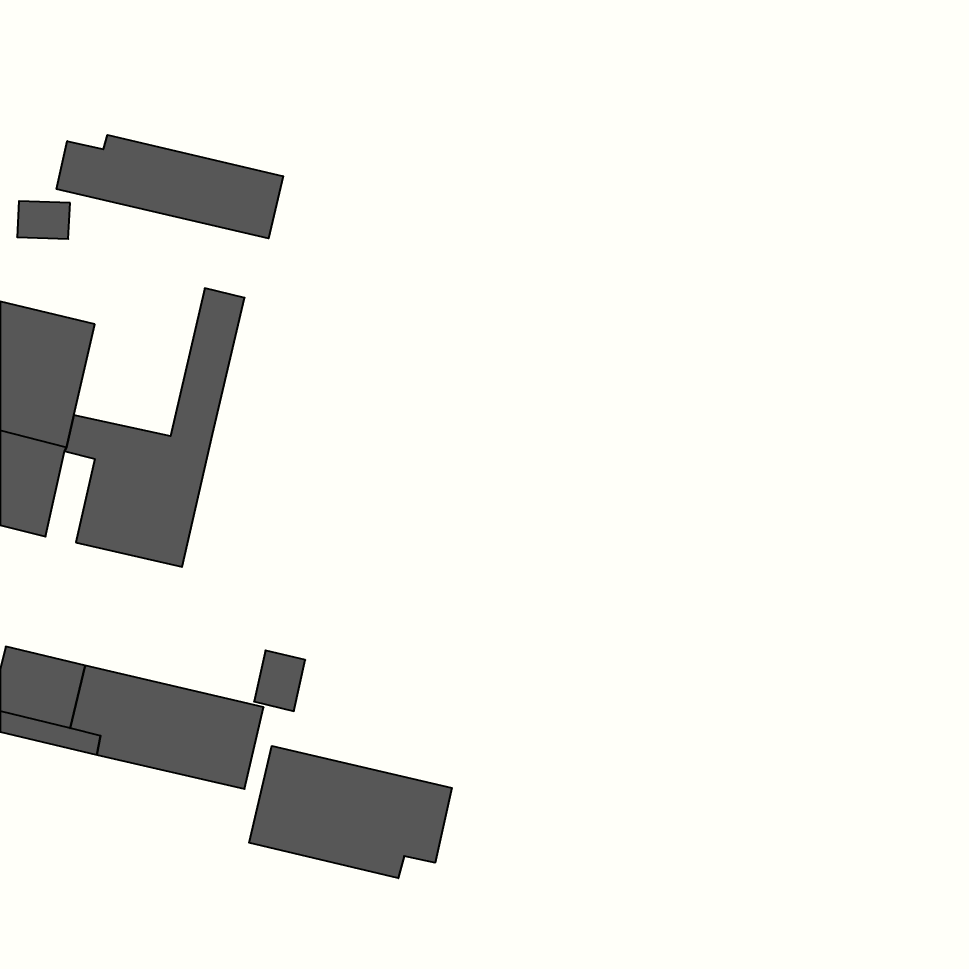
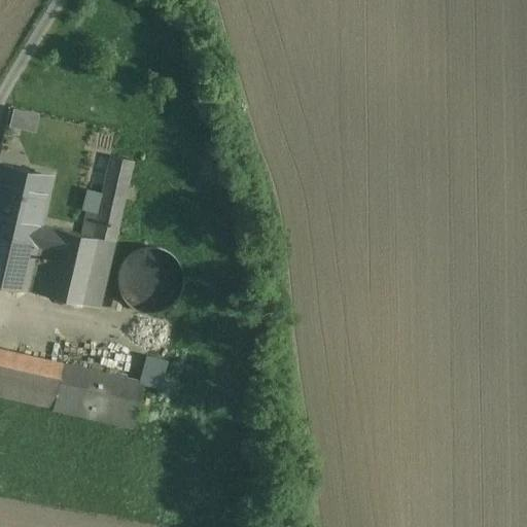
building: [57,135,283,238] -> none
building: none -> [130,248,175,309]
building: [249,746,452,878] -> none

